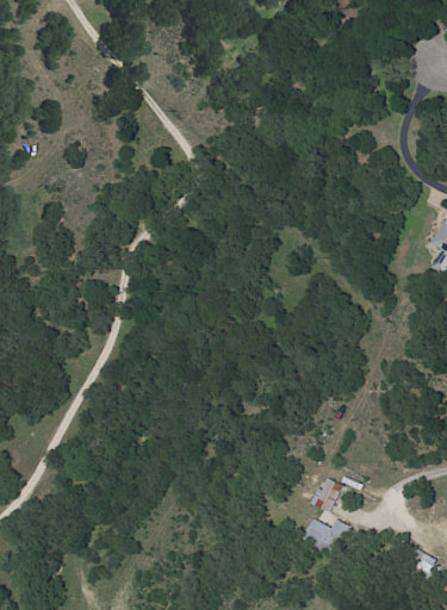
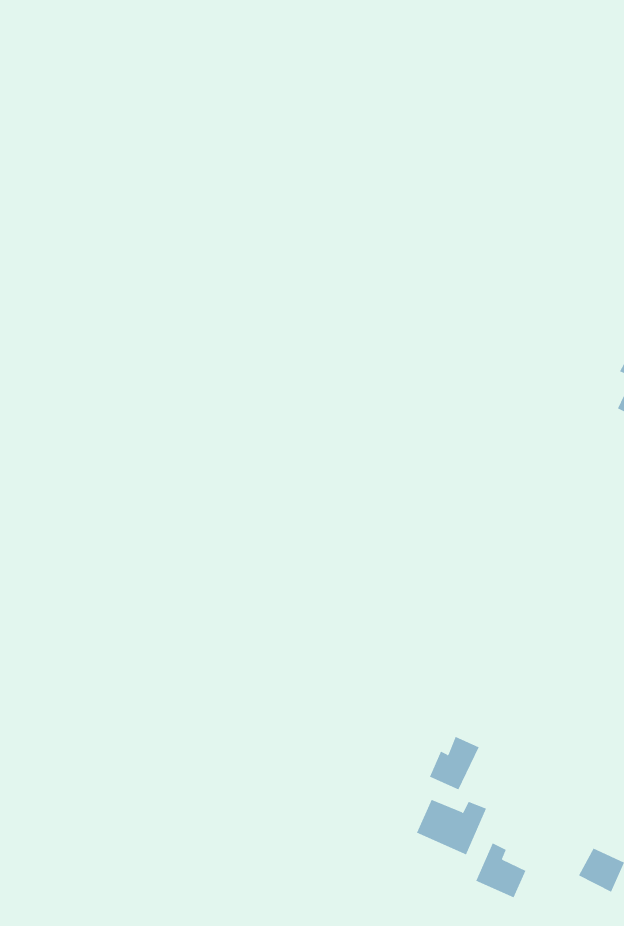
building: none -> [475,843,526,898]

